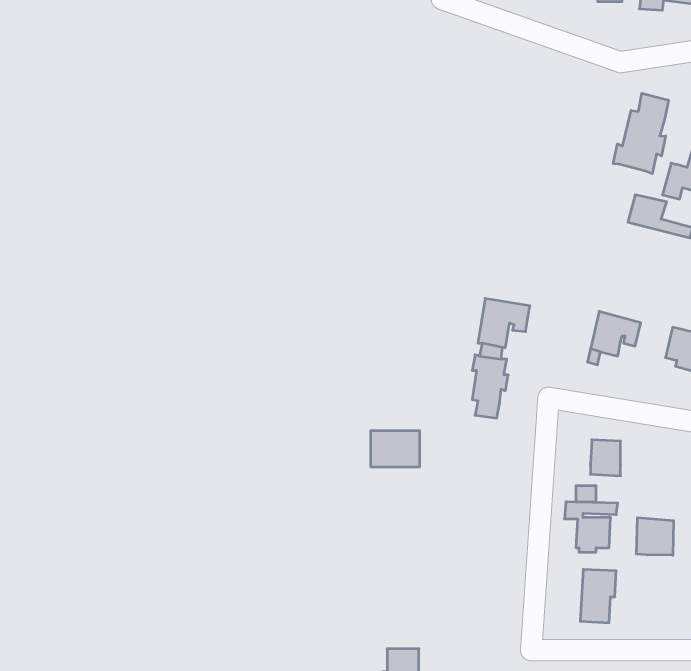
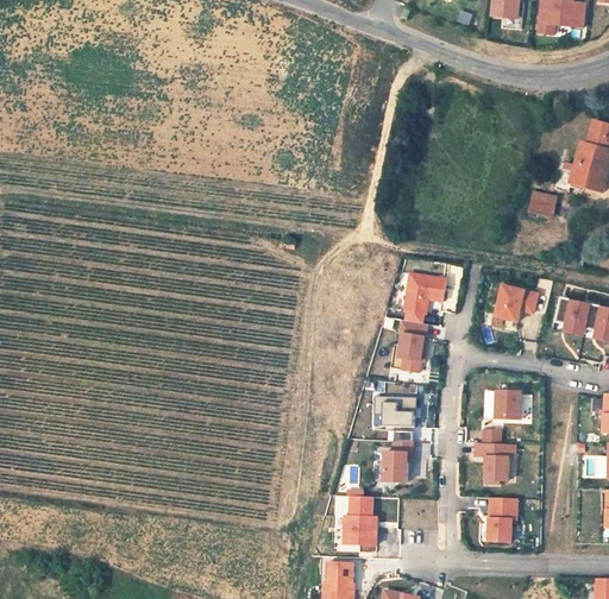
building: [613,93,668,174] -> none
building: [371,431,420,467] -> [375,395,415,424]
building: none -> [383,441,413,481]
building: [636,518,674,555] -> none
building: none -> [344,505,377,544]

